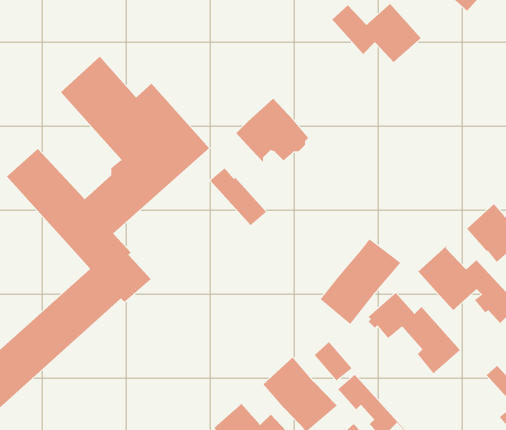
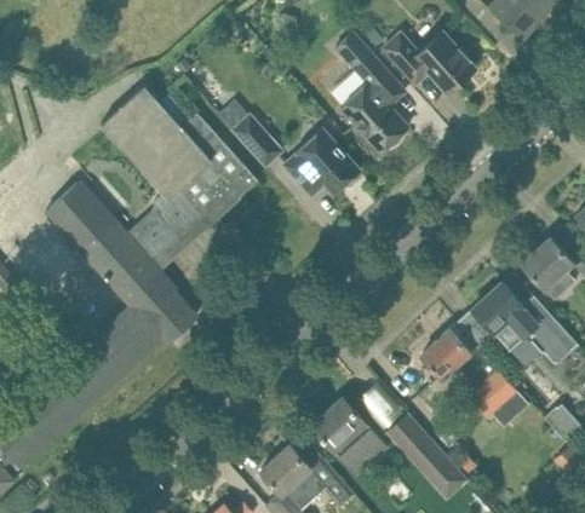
building: none -> [340,47,408,152]
building: [210,167,267,226] -> [223,105,282,166]
building: [320,238,401,325] -> none

